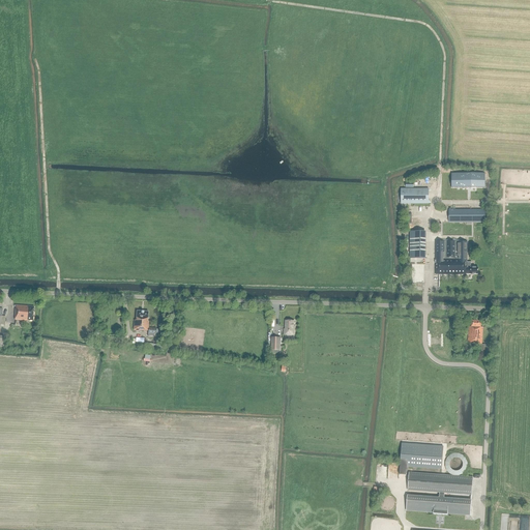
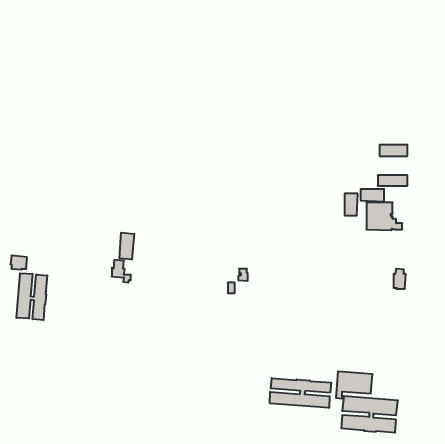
building: [400,187,428,202] -> [361,189,384,201]
building: none -> [120,233,134,260]
building: none -> [16,273,47,320]
building: none -> [270,378,331,408]

